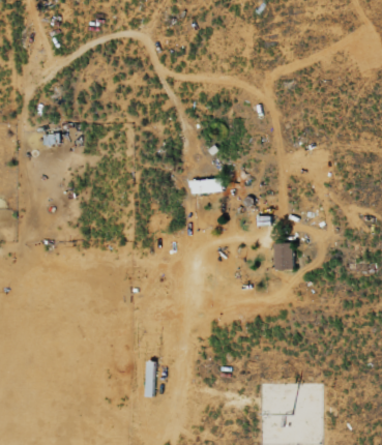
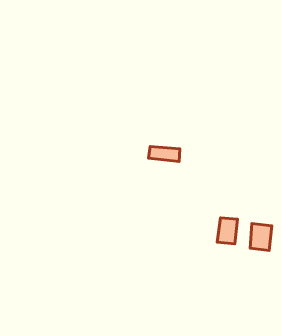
building: none -> [250,223,272,251]

